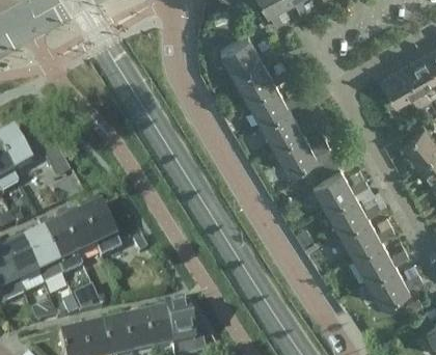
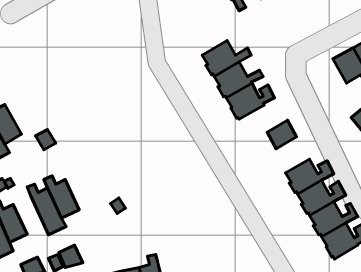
building: [218,35,274,77] -> none
building: [274,133,328,173] -> none
building: [312,168,366,209] -> none
building: [79,207,119,261] -> none
building: [21,235,60,286] -> none

